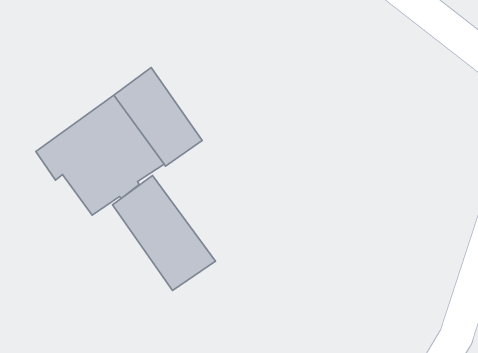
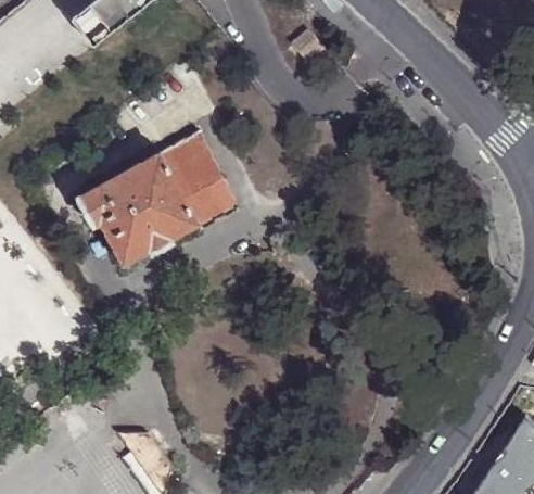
building: [112,175,216,291] -> none

